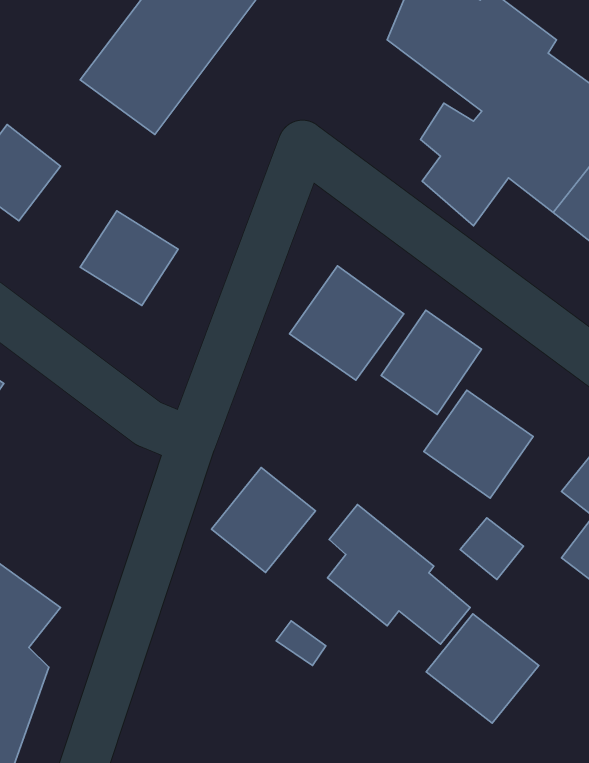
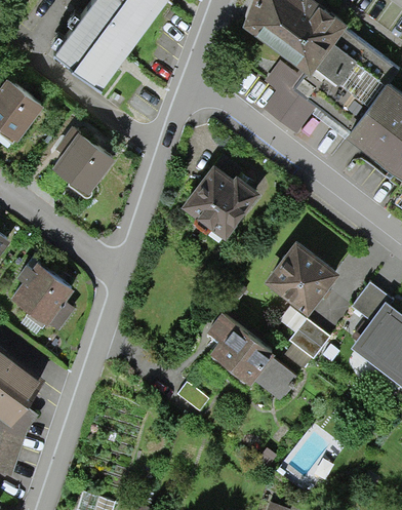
building: [381,310,482,415] -> none
building: none -> [9,271,74,334]
building: [211,467,315,573] -> none
building: [426,614,539,723] -> none

